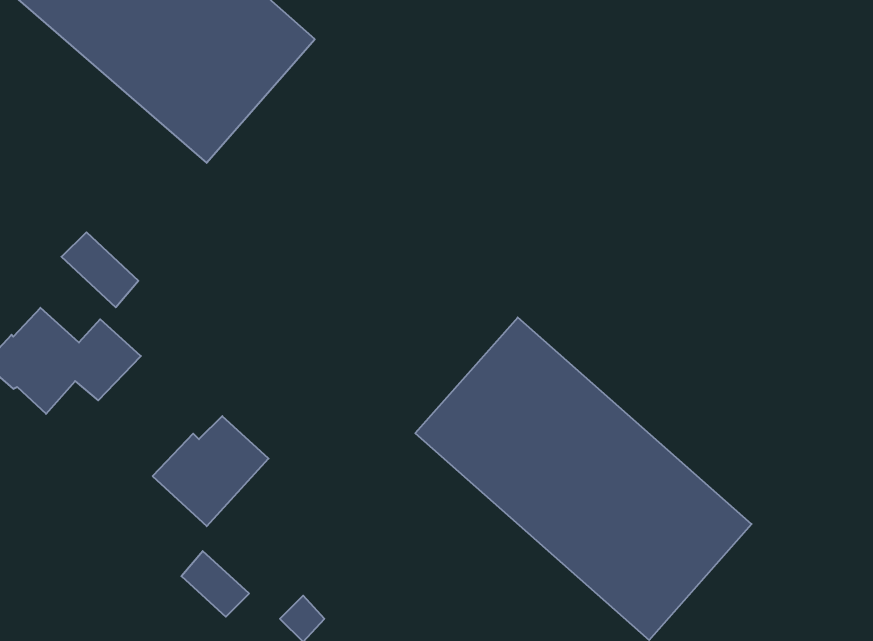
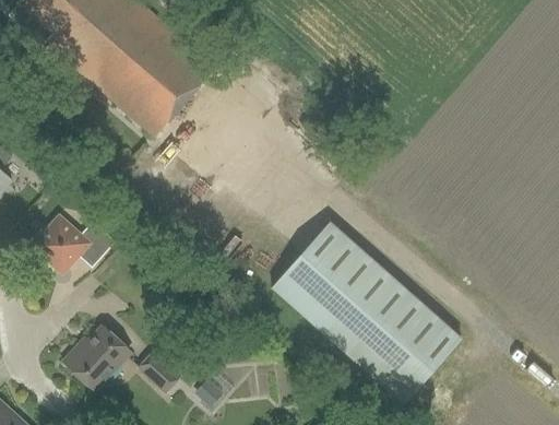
building: [61,232,138,307] -> none
building: [153,416,269,526] -> [63,328,129,390]

